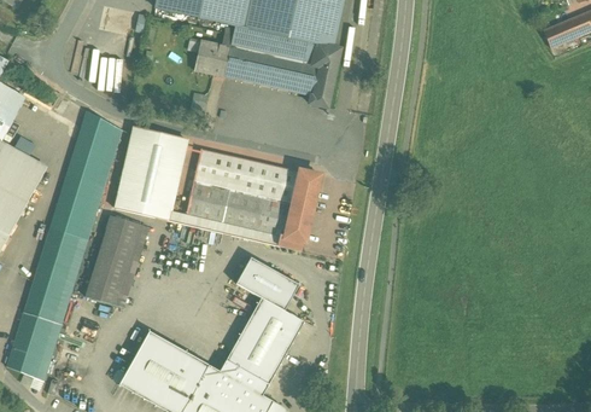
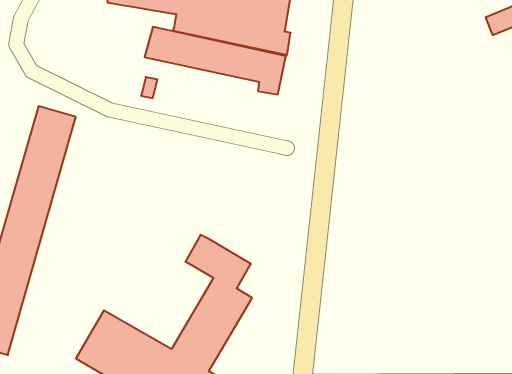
building: [113,127,323,250] -> none
building: [84,215,147,307] -> none

